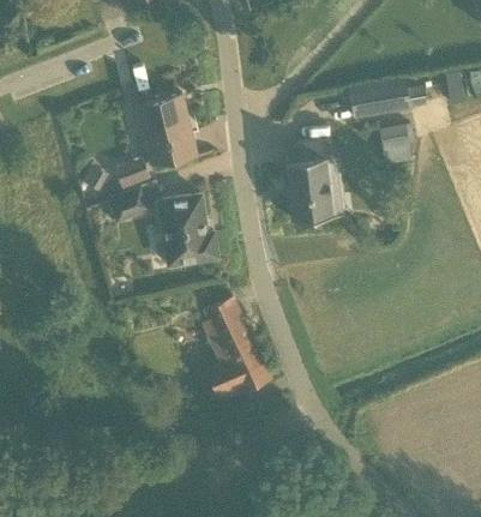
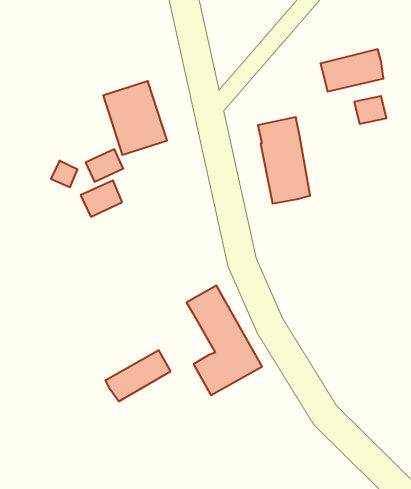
building: [160,194,218,265] -> none
building: none -> [105,350,170,401]

